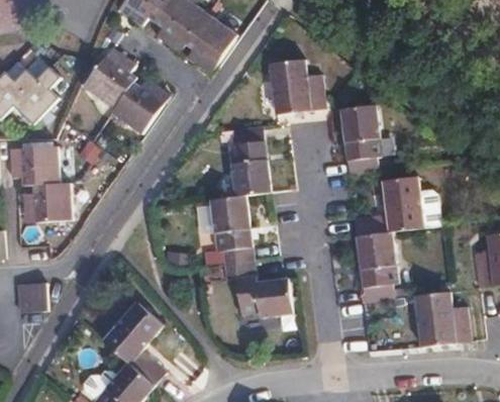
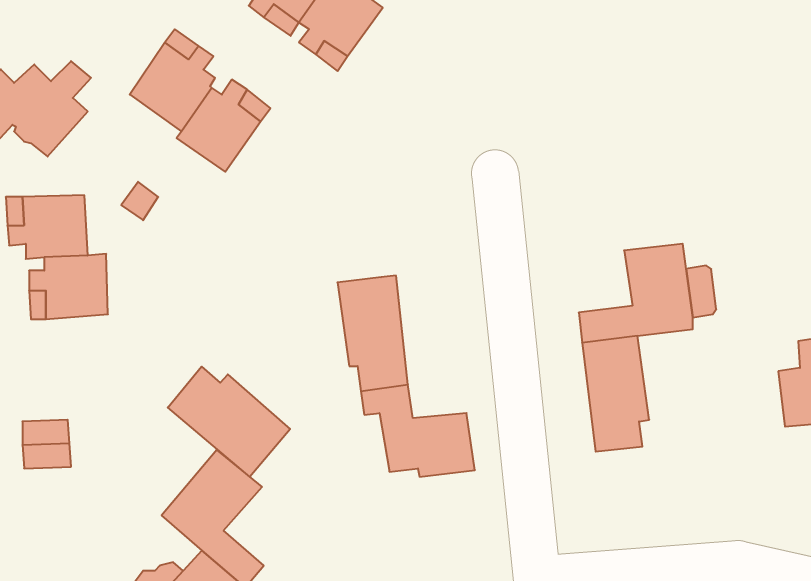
building: [269,59,324,114] -> none
building: [340,105,382,174] -> none
building: [229,126,270,196] -> none
building: none -> [168,367,290,477]
building: [414,291,469,346] -> none

